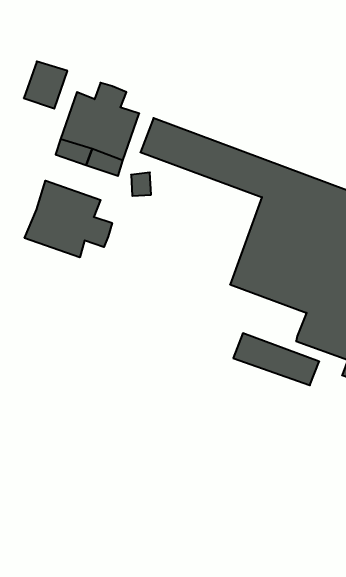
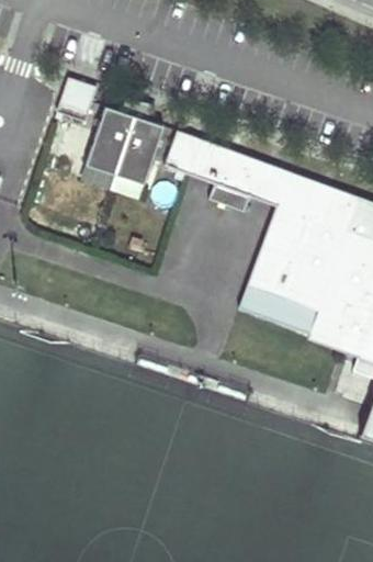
building: [25,181,112,257] -> none
building: [233,333,319,385] -> [240,285,320,334]

